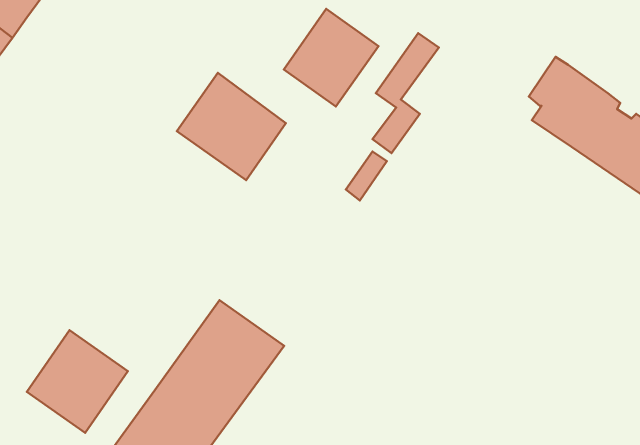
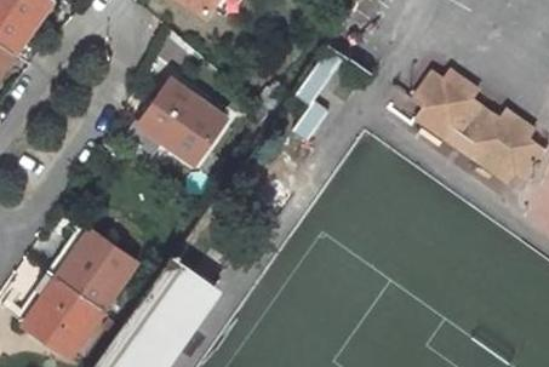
building: [284,9,378,107] -> none
building: none -> [57,230,135,309]

